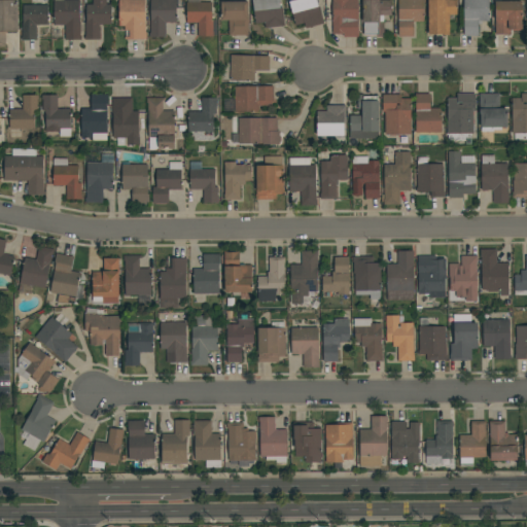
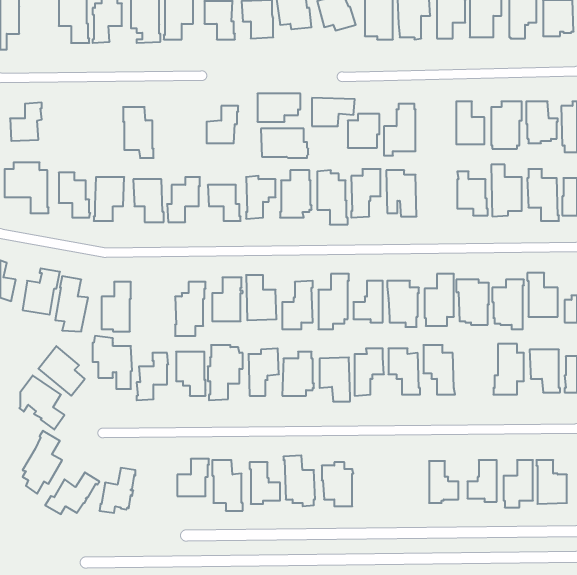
building: [22,4,48,39] -> none
building: [231,55,270,80] -> [312,98,355,126]
building: [42,94,71,135] -> none
building: [81,94,108,139] -> none
building: [383,94,411,134] -> none
building: [147,97,175,149] -> none
building: [384,151,411,204] -> none
building: [124,254,151,307] -> none
building: [419,317,448,360] -> none
building: [359,416,388,465] -> none
building: [128,420,154,459] -> none
building: [325,422,353,462] -> none

